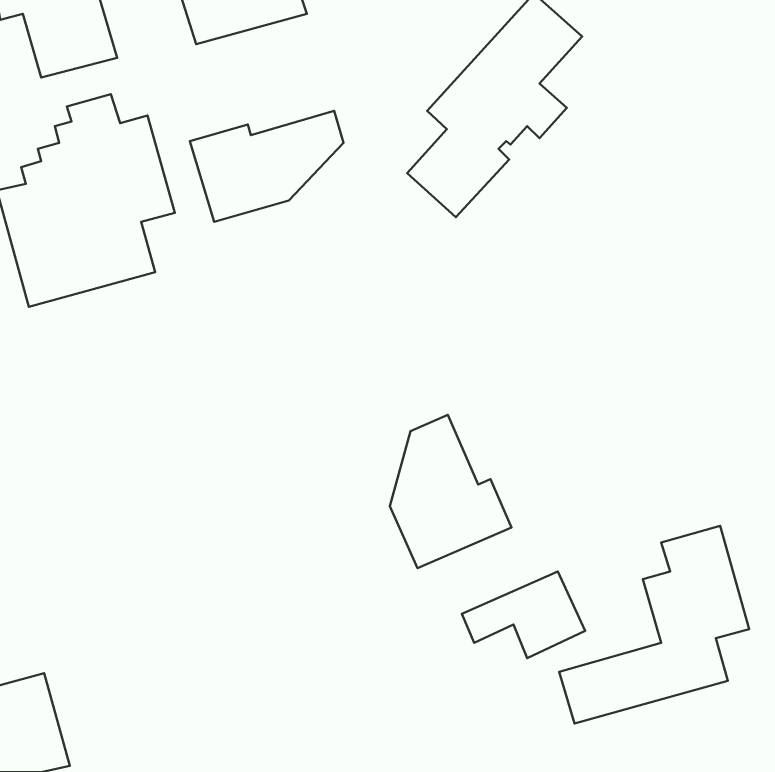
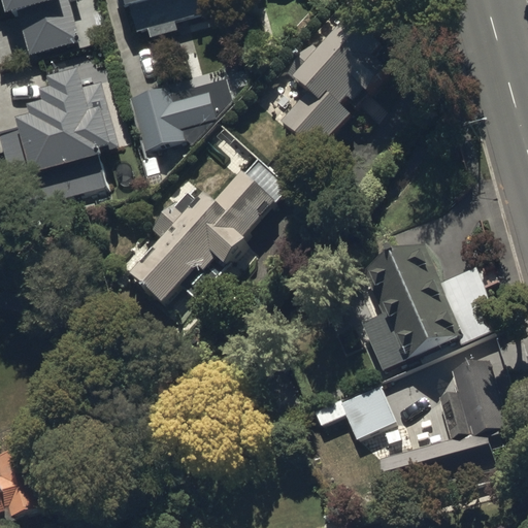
building: none -> [130,151,291,305]
building: none -> [361,251,506,377]
building: [390,415,512,568] -> none

